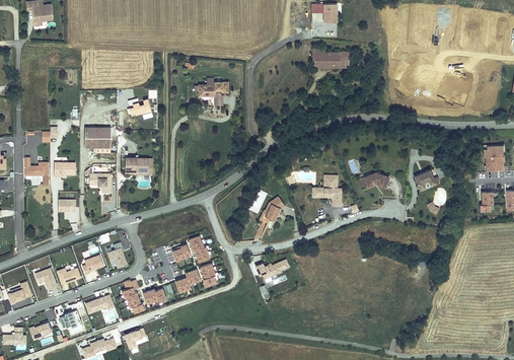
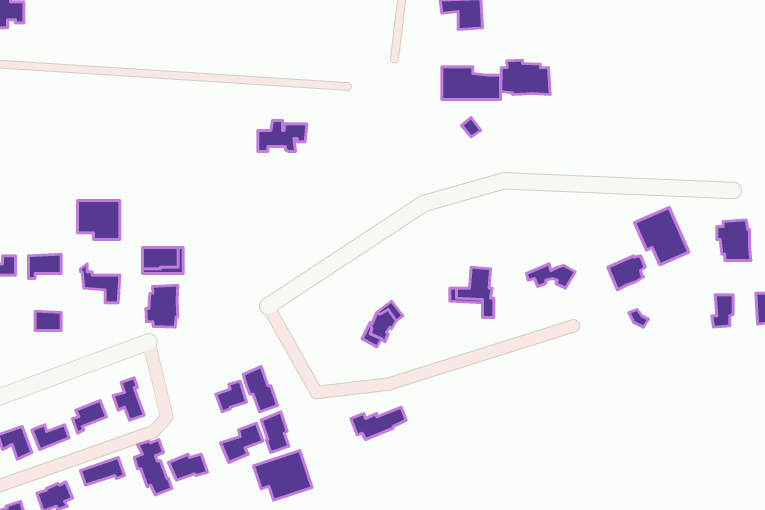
building: none -> [501,60,550,95]
building: none -> [634,207,689,265]
building: none -> [146,285,178,327]
building: none -> [254,451,312,500]

